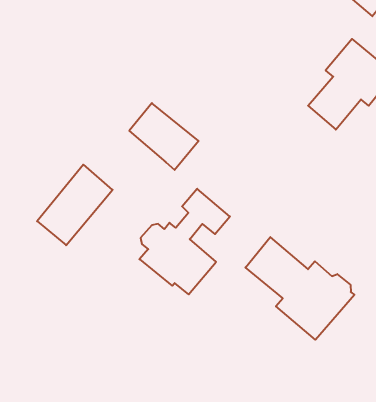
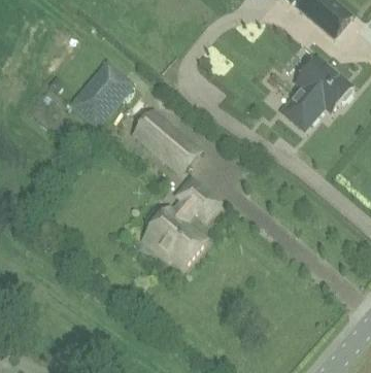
building: [37,165,113,245] -> [67,63,129,129]
building: [245,237,354,340] -> none

